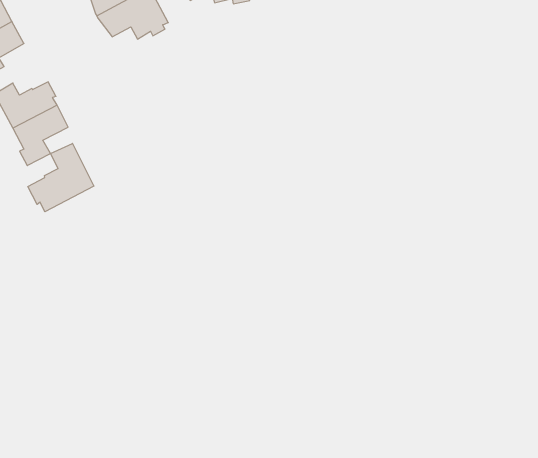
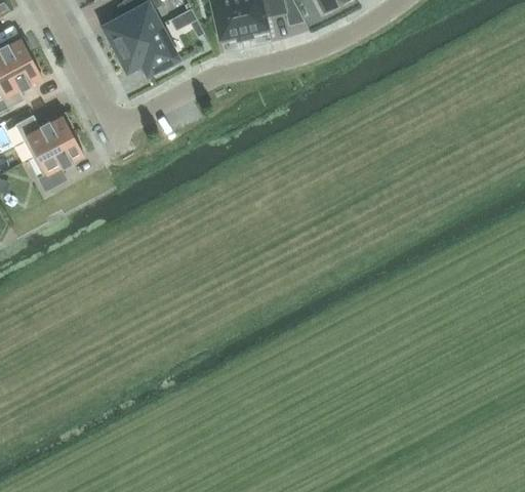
building: [28,143,94,212] -> none

